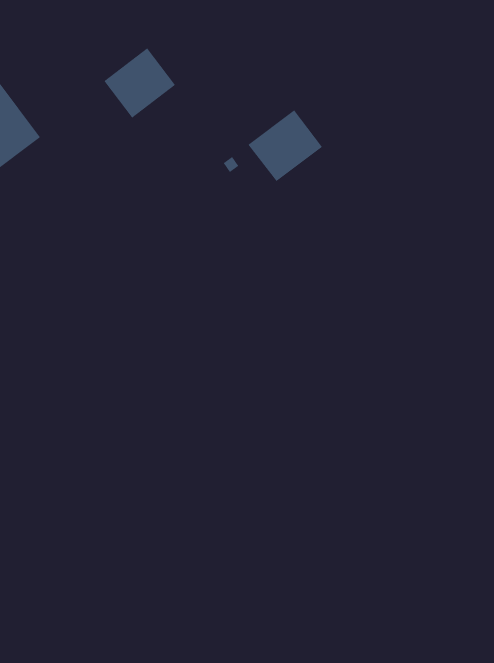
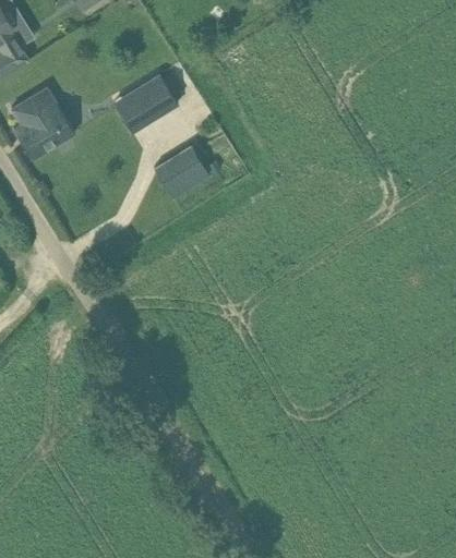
building: [248,110,323,182] -> [154,146,209,198]

